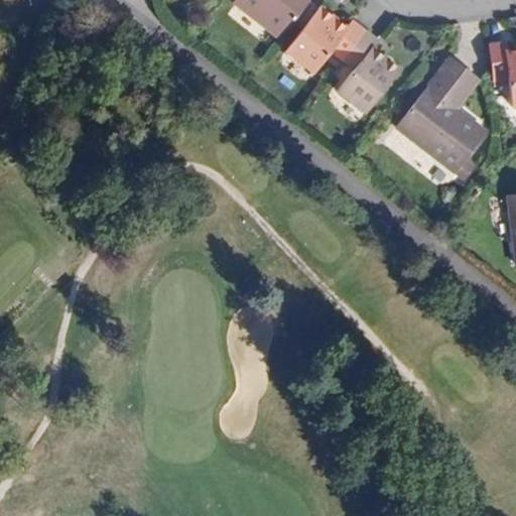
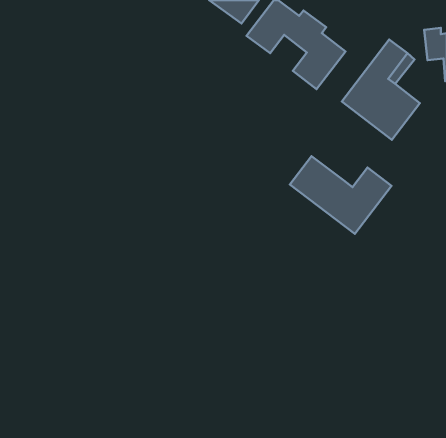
building: none -> [290,156,391,234]

